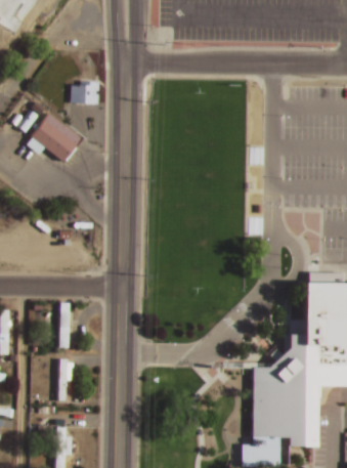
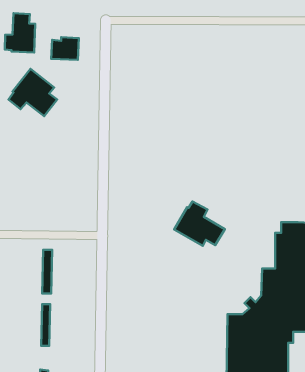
building: none -> [5,13,35,52]
building: none -> [174,201,225,246]

